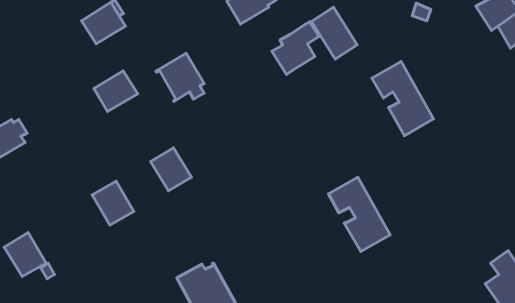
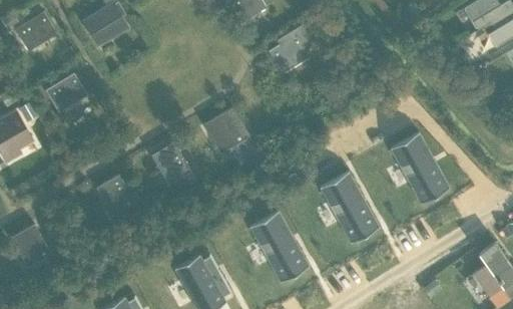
building: [311,7,357,59] -> none
building: none -> [15,12,56,51]
building: [156,53,204,101] -> [203,108,249,154]
building: [372,61,434,136] -> [392,132,451,204]
building: [94,71,138,112] -> [45,74,87,113]
building: none -> [251,211,311,282]

